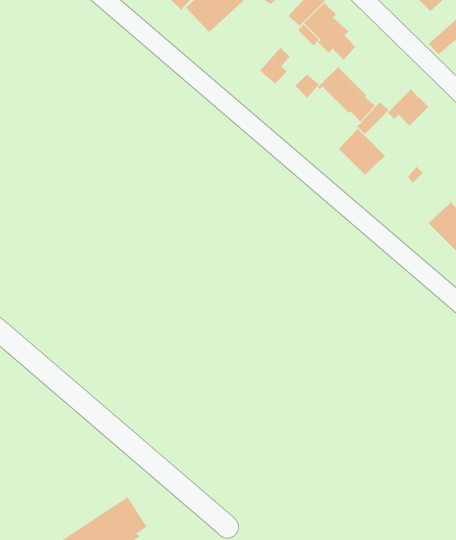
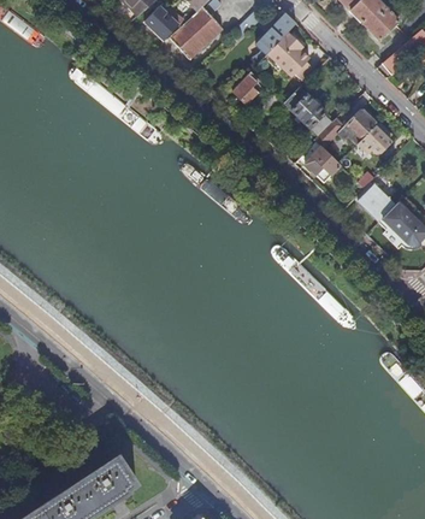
building: none -> [361,122,391,154]
building: none -> [358,184,395,220]

